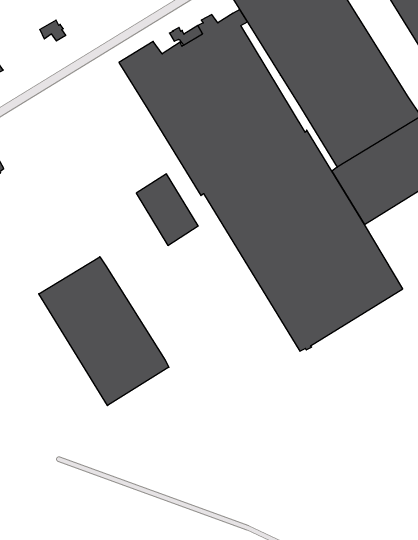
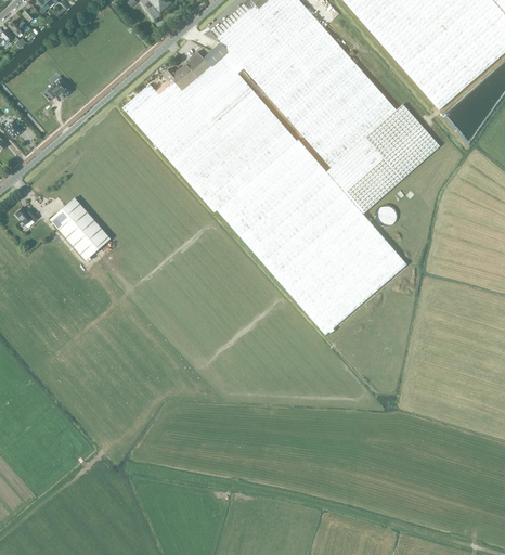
building: [136,174,198,245] -> [50,197,109,260]
building: [39,257,169,406] -> none

